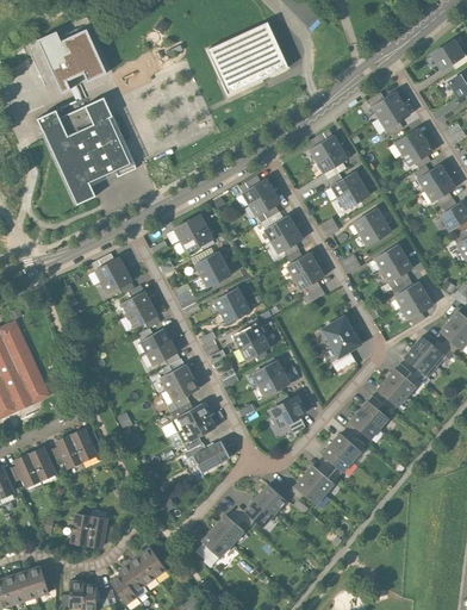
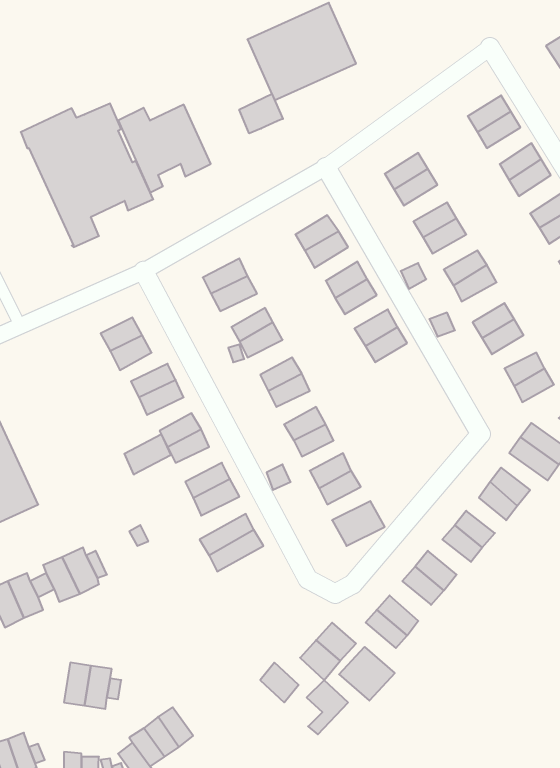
building: [37,27,106,93] -> [118,105,211,192]
building: none -> [239,94,283,133]
building: [320,313,362,359] -> none
building: none -> [124,434,171,475]
building: [192,438,231,473] -> none
building: none -> [339,647,395,701]
building: [203,527,234,567] -> [307,680,348,734]

